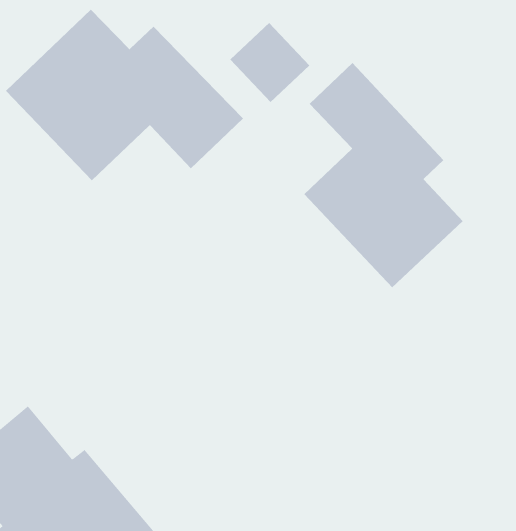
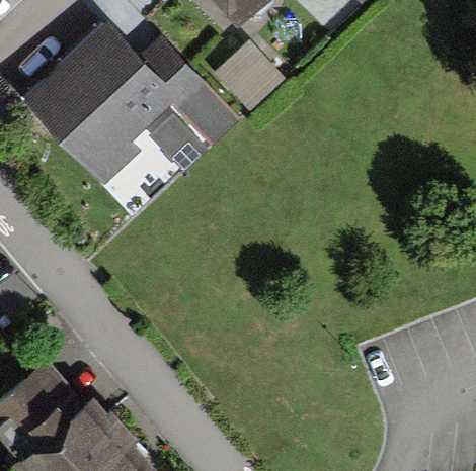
building: [303,62,463,288] -> none

